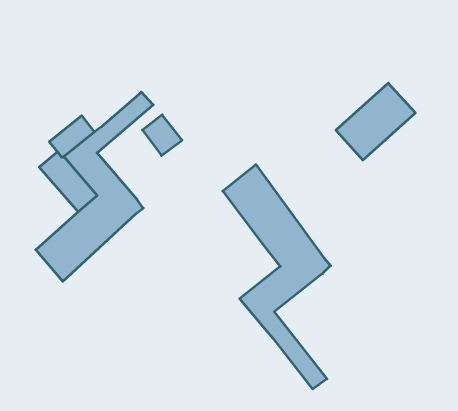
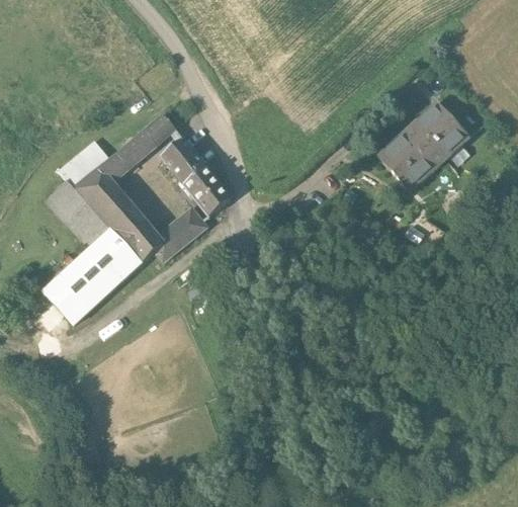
building: none -> [184,167,231,215]
building: [223,165,331,389] -> none
building: none -> [156,205,207,259]

